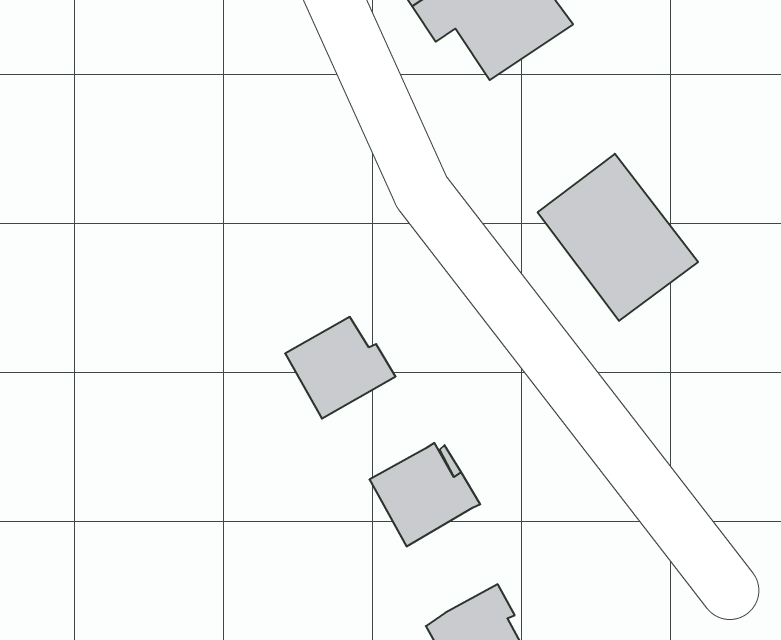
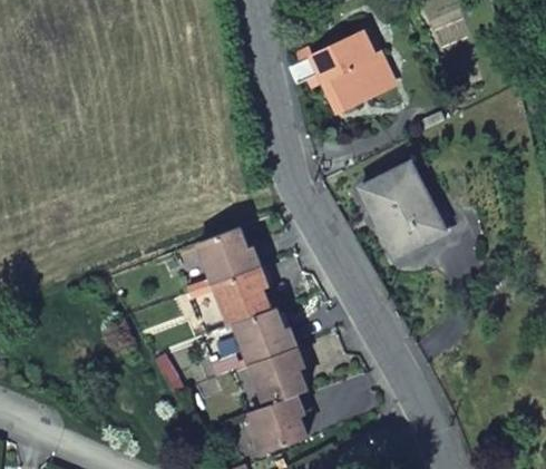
building: none -> [212,267,267,325]
building: none -> [247,348,304,406]

